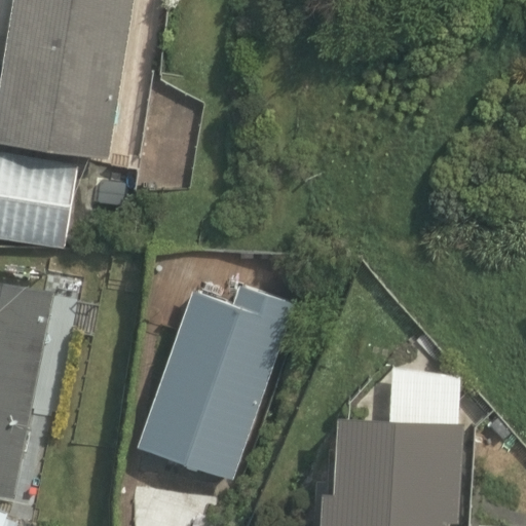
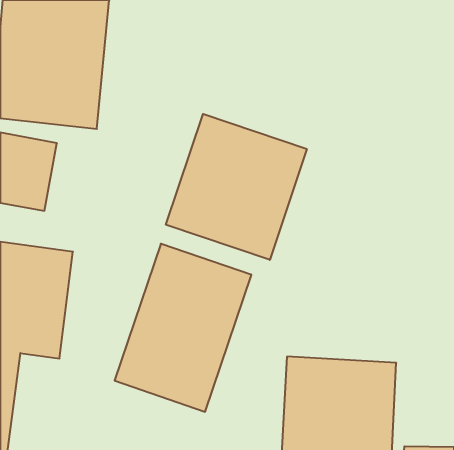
building: none -> [166,114,307,260]

